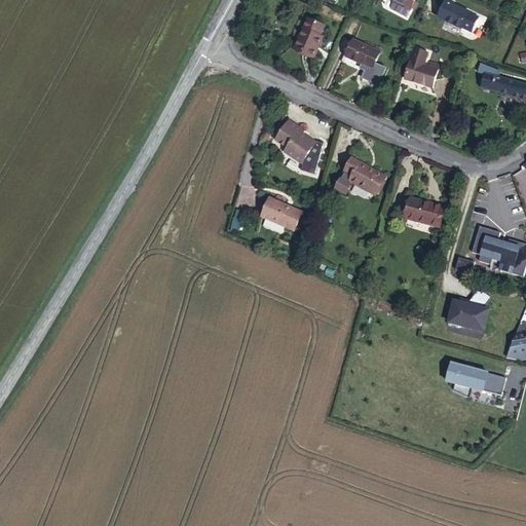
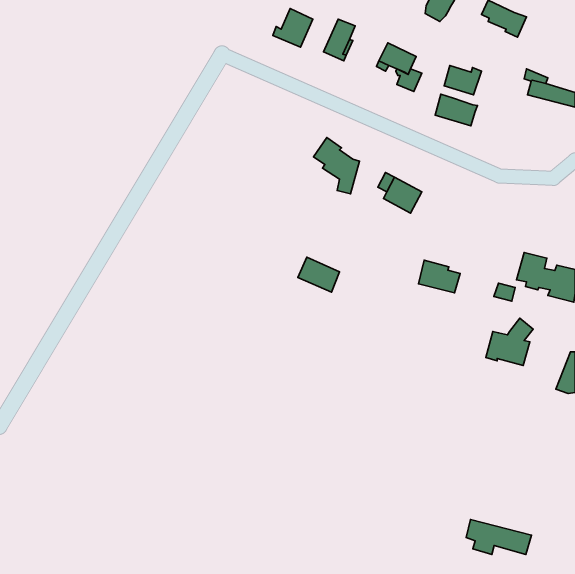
building: none -> [273,8,313,47]
building: none -> [435,94,478,126]
building: [263,192,301,224] -> [298,257,339,292]
building: [406,196,444,226] -> [419,260,460,293]
building: [446,364,505,396] -> [466,519,531,554]

